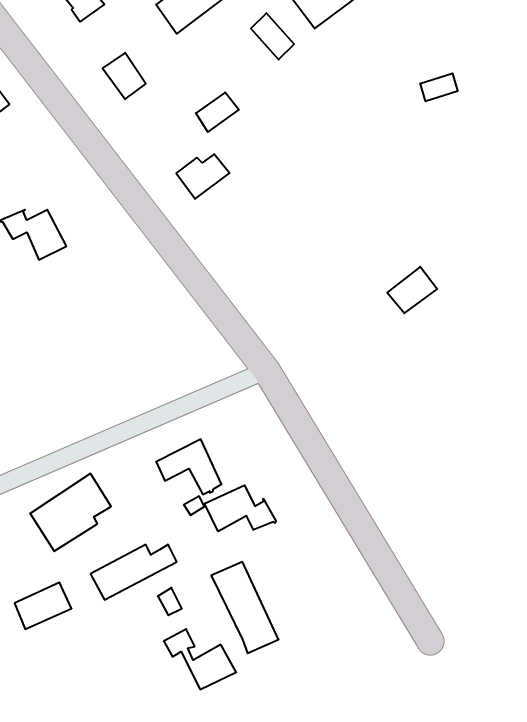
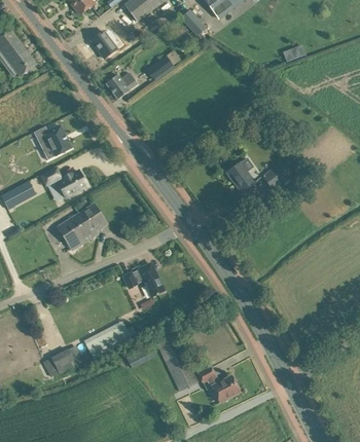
building: [176,154,230,199] -> [106,72,138,99]
building: none -> [227,161,254,190]
building: none -> [41,169,86,197]
building: [30,474,111,551] -> [58,202,106,249]
building: [205,485,276,531] -> none
building: [164,629,236,689] -> [197,365,241,401]

